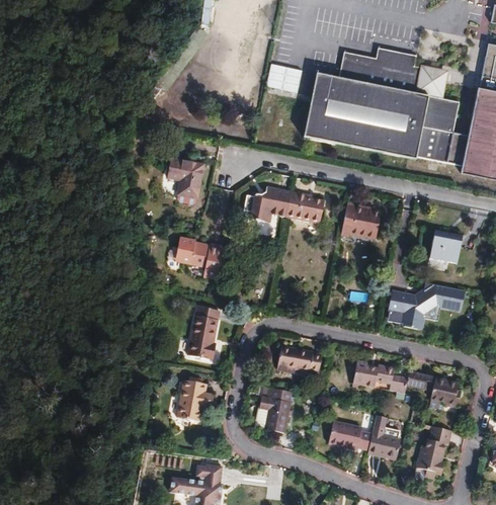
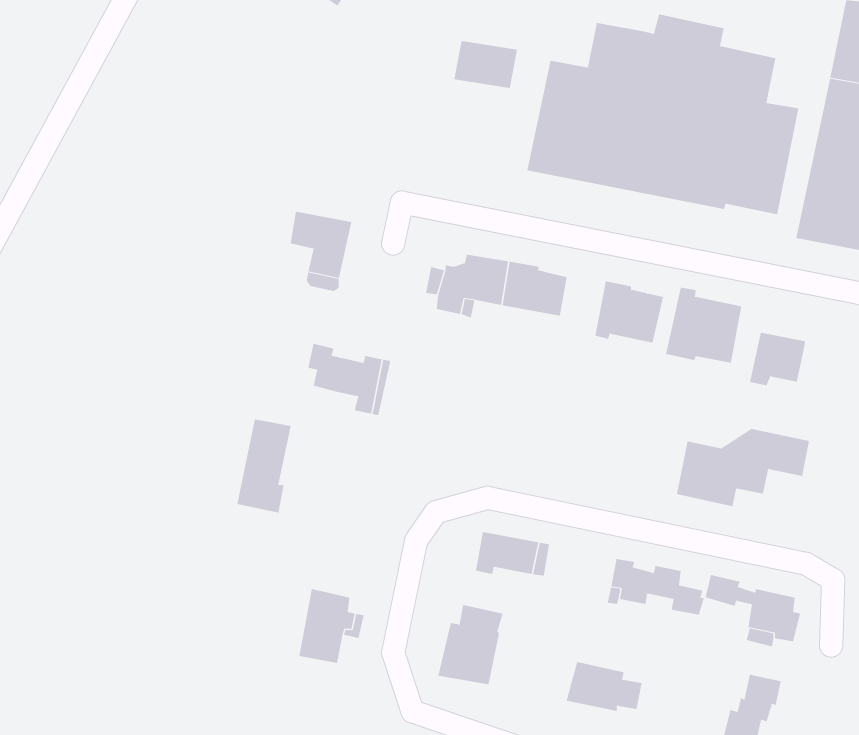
building: none -> [666,287,742,363]
building: [183,302,215,355] -> [236,419,292,513]
building: [366,414,400,455] -> none

